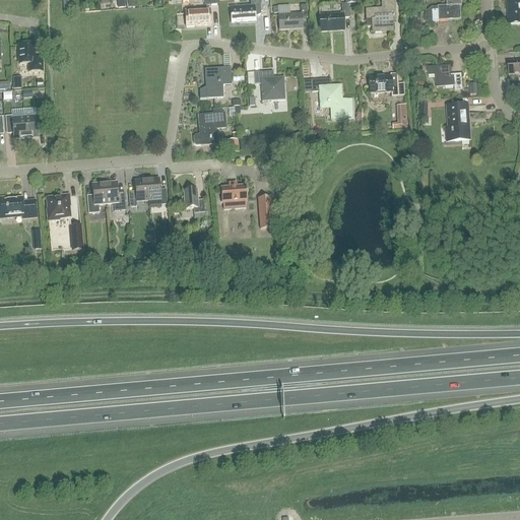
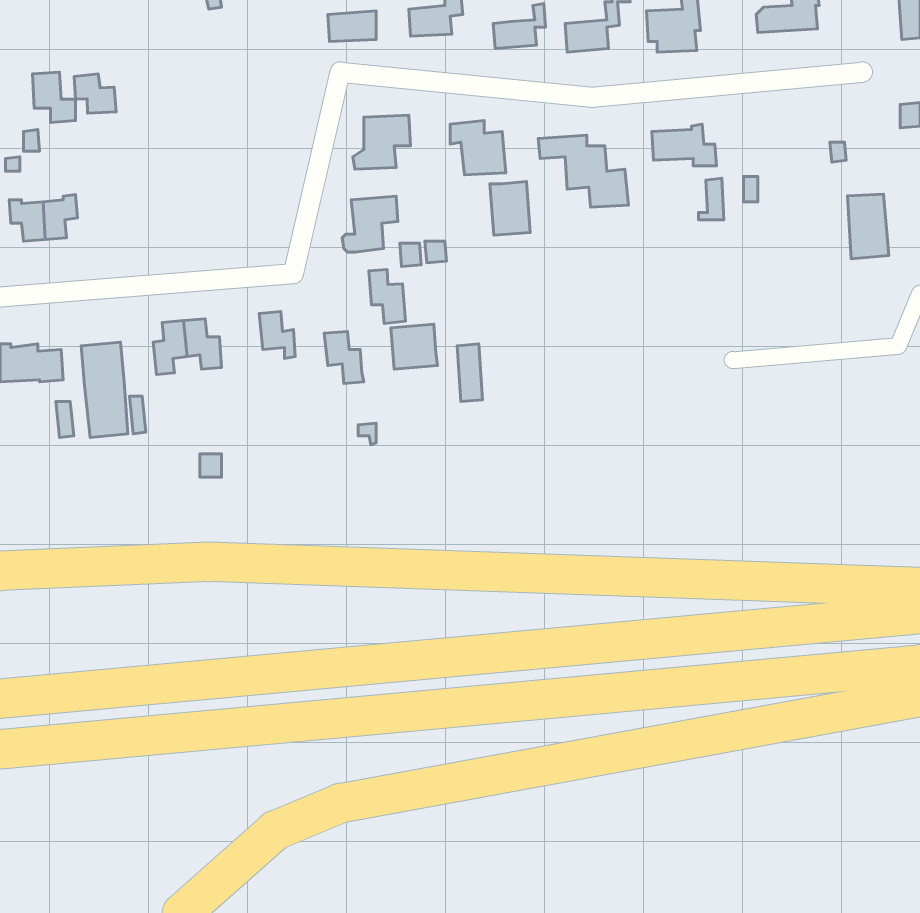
building: none -> [74,74,116,113]
building: [428,63,462,87] -> none
building: none -> [490,181,530,235]
building: [447,103,470,139] -> [847,194,889,259]
building: none -> [369,269,406,324]
building: [128,177,148,205] -> none

